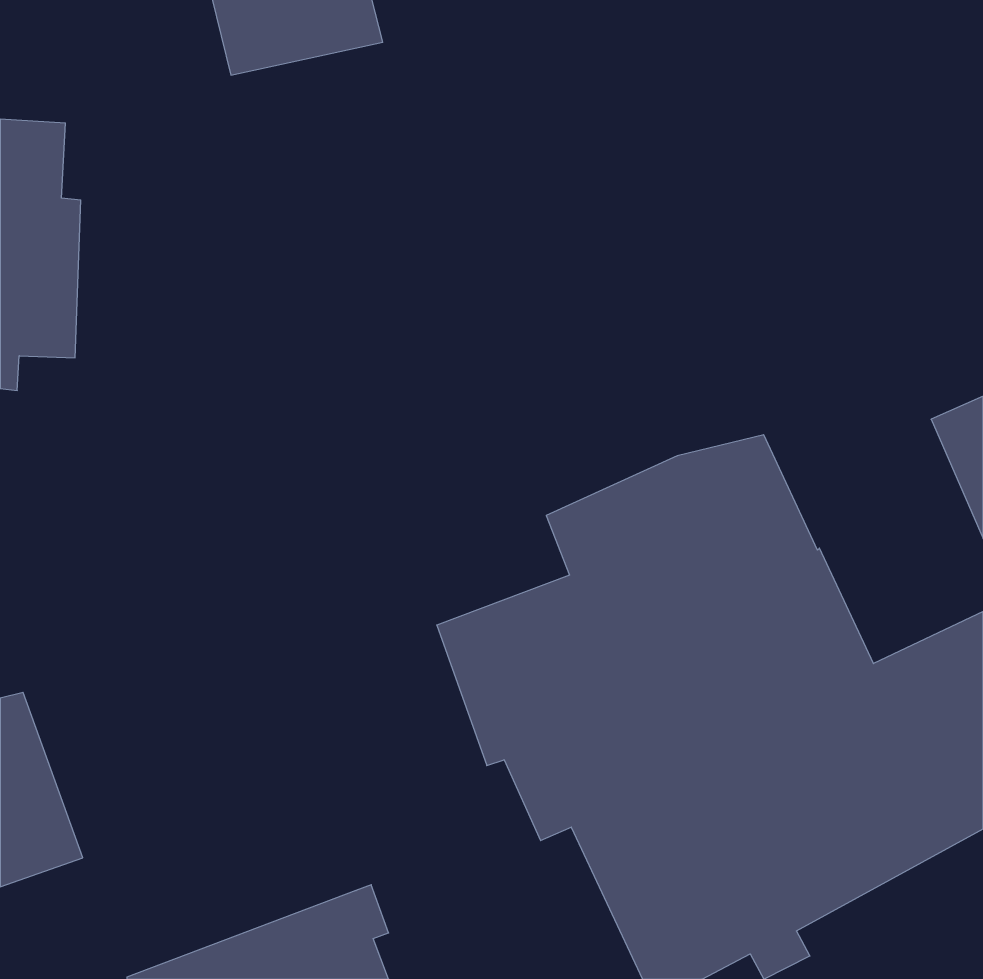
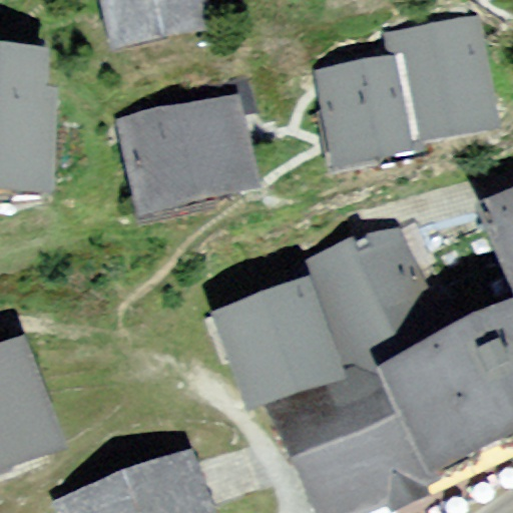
building: none -> [326,24,486,160]
building: none -> [132,73,252,205]

